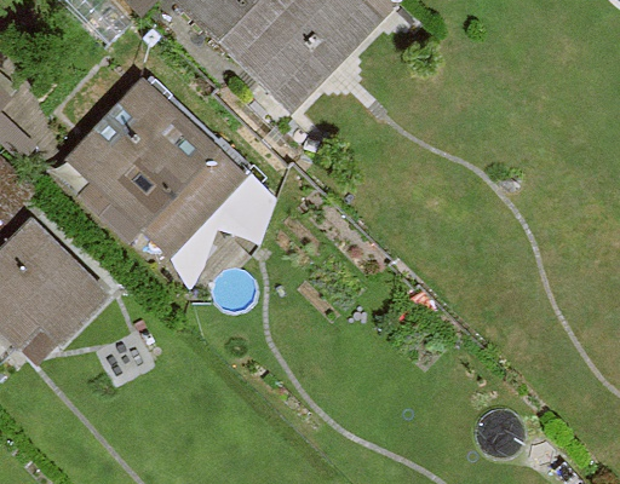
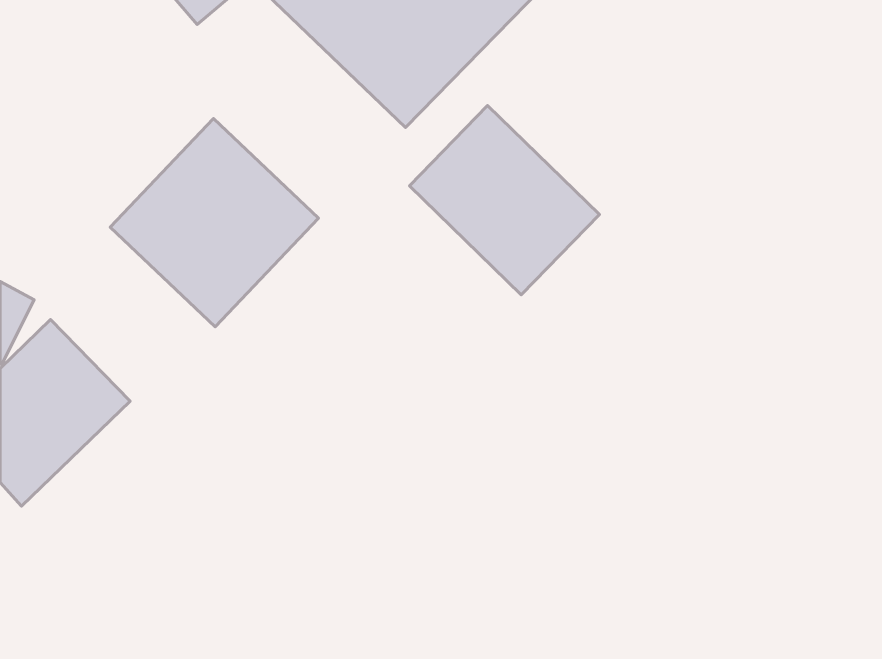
building: none -> [409,106,600,295]

